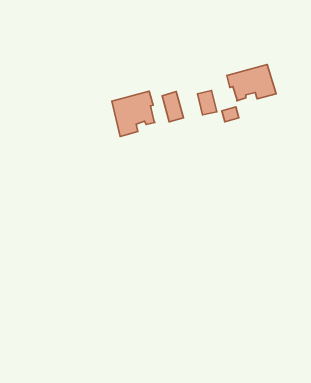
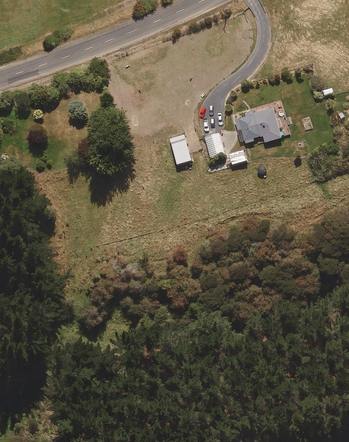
building: [112,91,155,136] -> none

